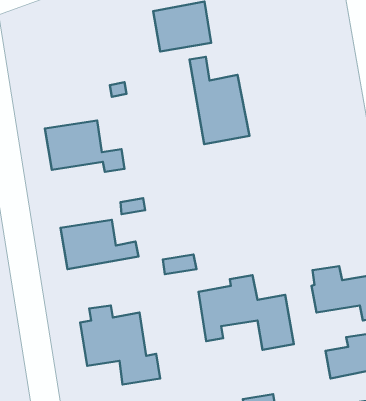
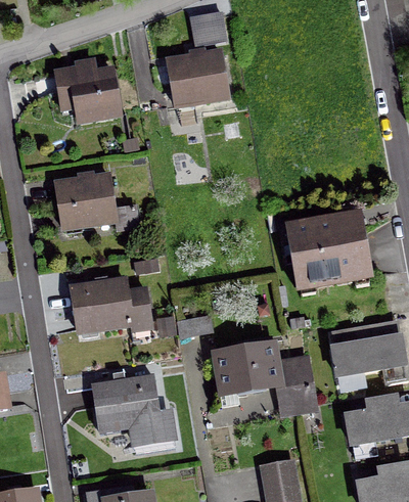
building: none -> [56,66,120,121]
building: [190,57,249,144] -> none
building: none -> [287,215,371,287]

